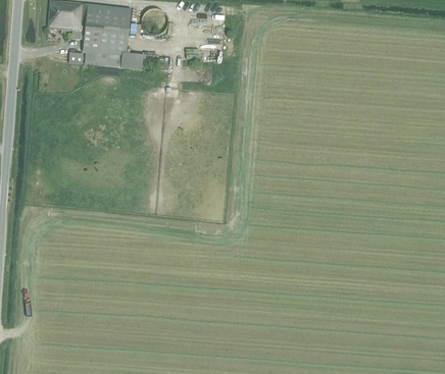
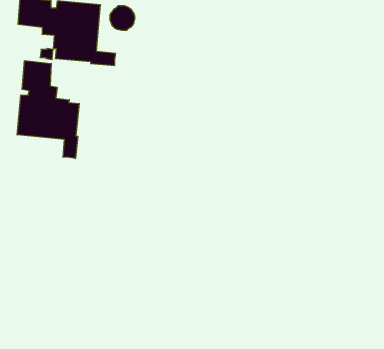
building: none -> [17,61,79,159]

